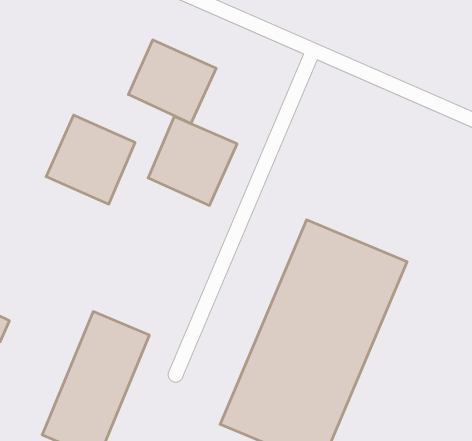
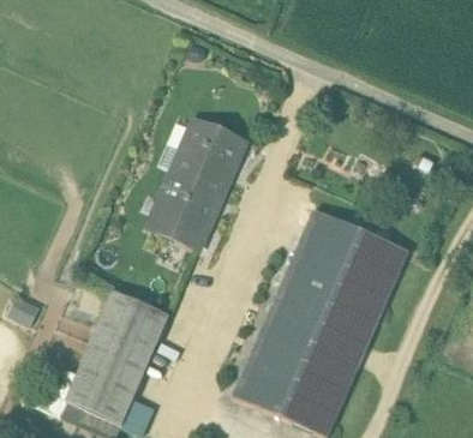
building: [128,40,216,124] -> none
building: [46,115,135,204] -> [142,170,223,252]

